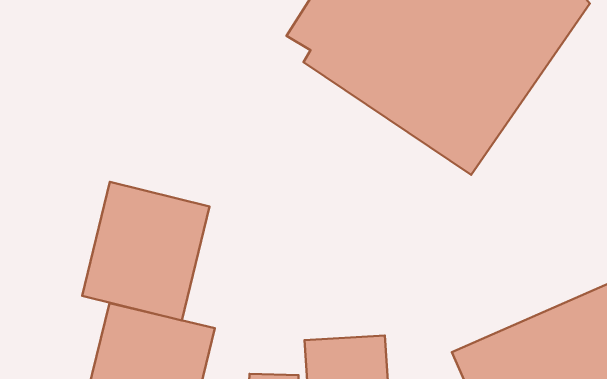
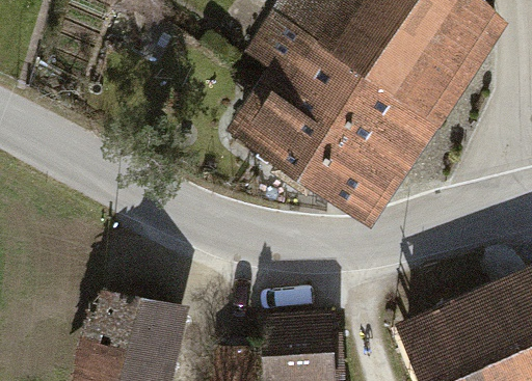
building: none -> [229,75,409,225]
building: [82,182,209,320] -> none

